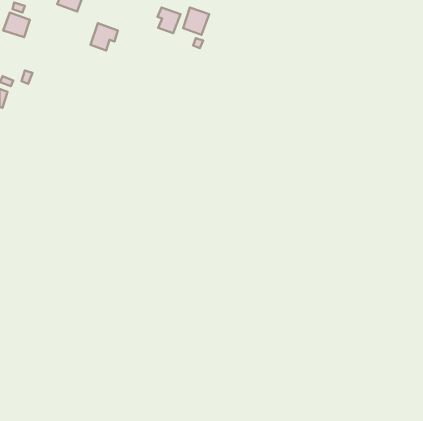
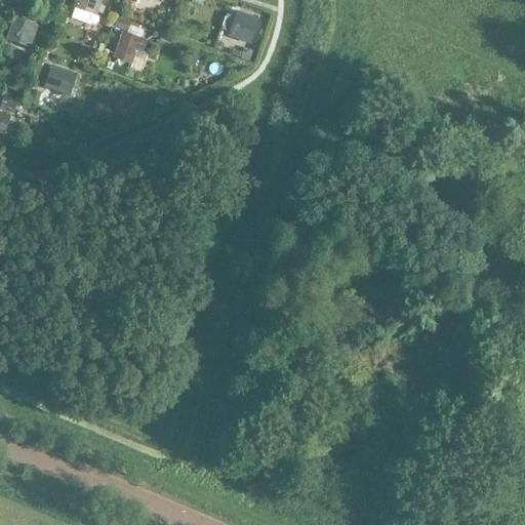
building: [158,8,180,33] -> none
building: none -> [43,63,76,95]

